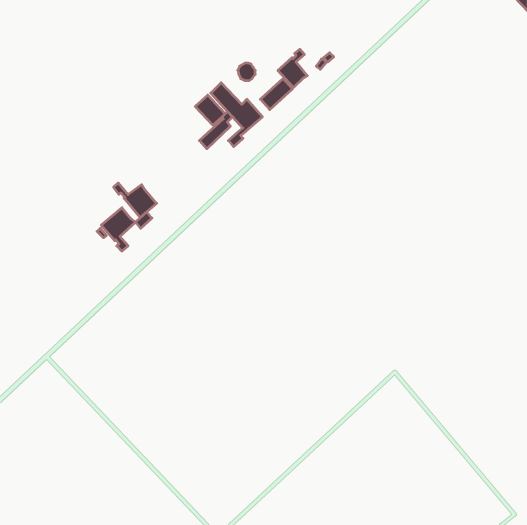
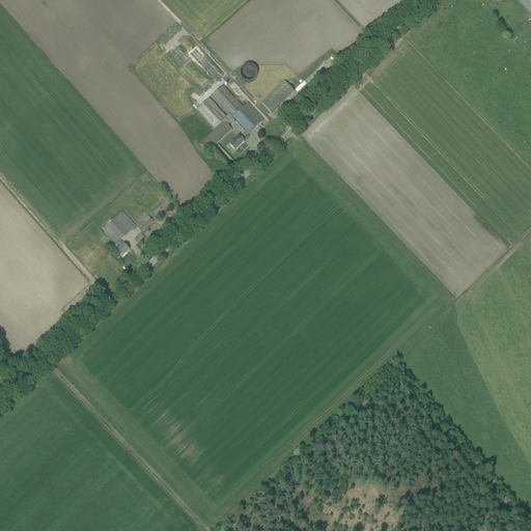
building: [278,49,307,87] -> none
building: [114,183,157,217] -> none

